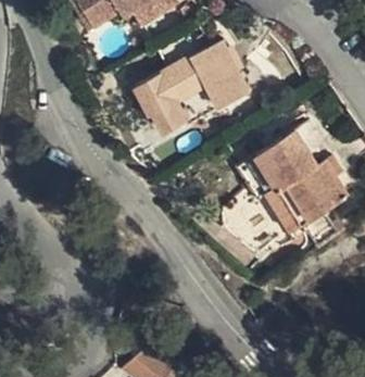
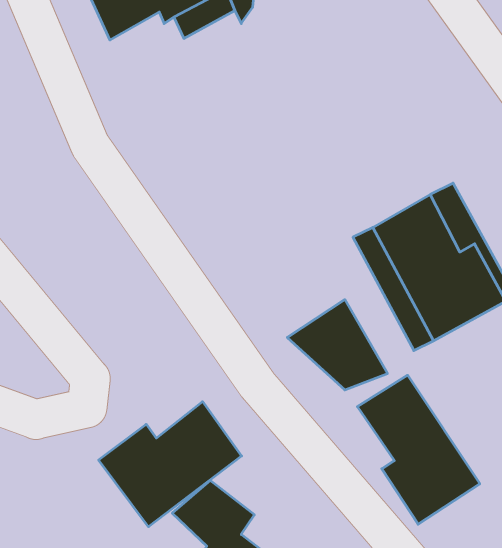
building: [127,45,246,133] -> none
building: none -> [357,375,480,524]
building: none -> [99,402,242,527]

